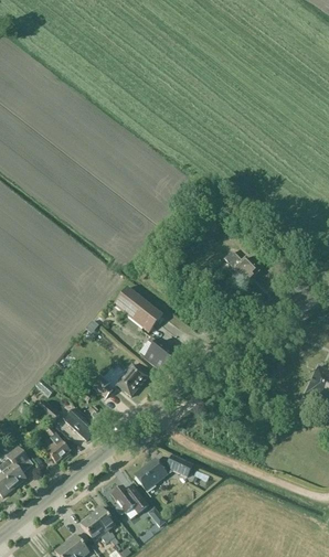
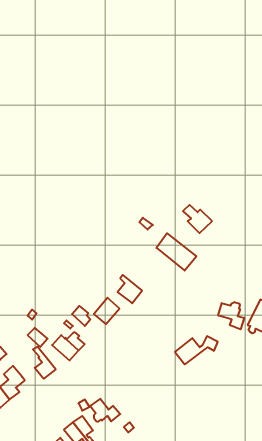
building: [114,286,162,331] -> [156,233,196,271]
building: none -> [218,302,244,329]
building: [134,456,185,490] -> [175,336,218,364]

